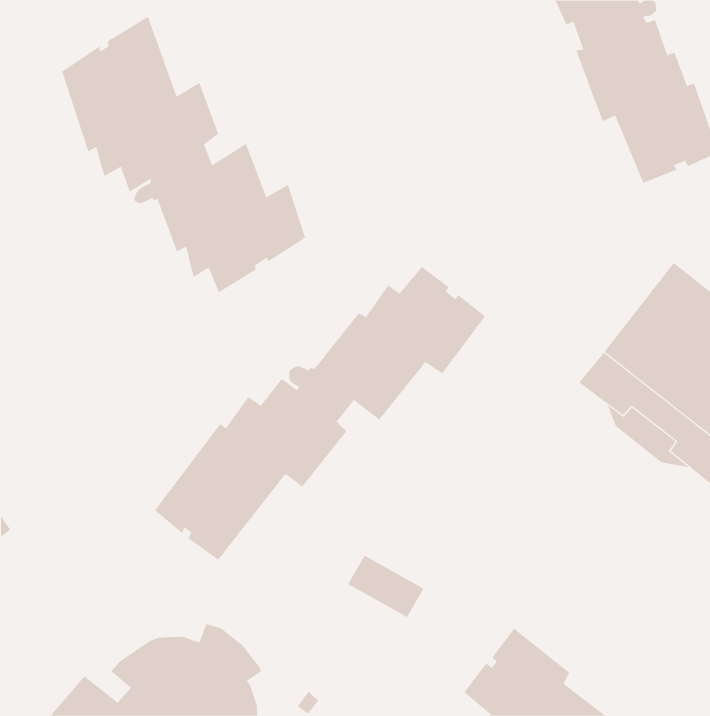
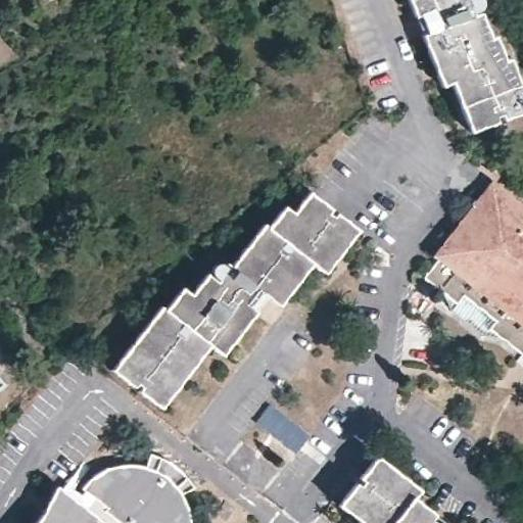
building: [61,16,306,293] -> none

